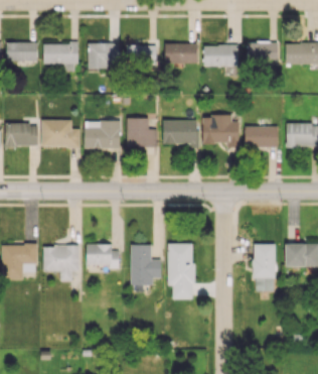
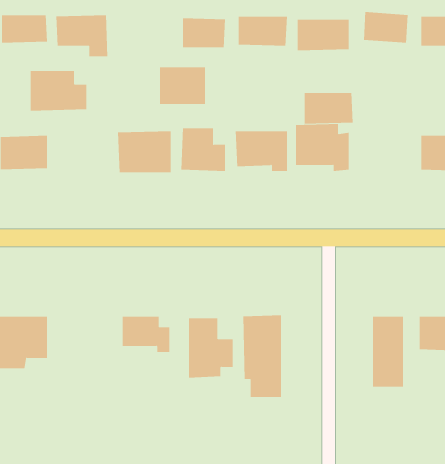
building: [88,42,119,68] -> [159,67,206,104]
building: [41,120,80,147] -> [30,70,87,111]
building: [245,126,278,147] -> [304,93,354,124]
building: [43,245,78,281] -> none

